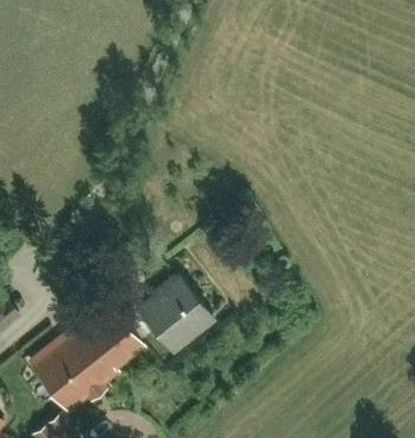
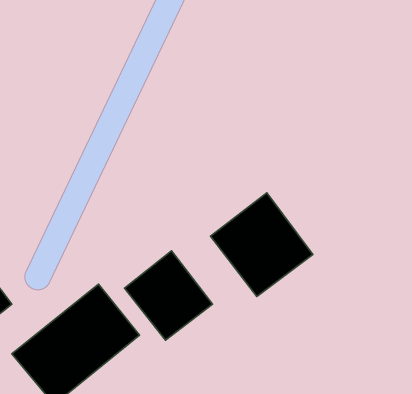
building: none -> [210,193,313,296]

